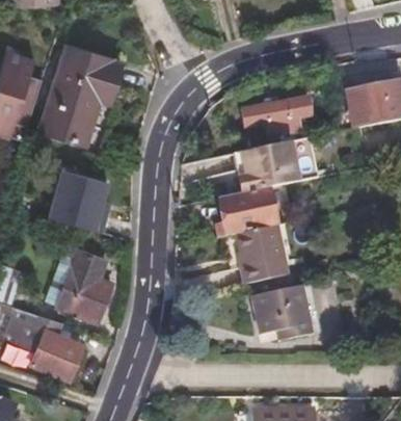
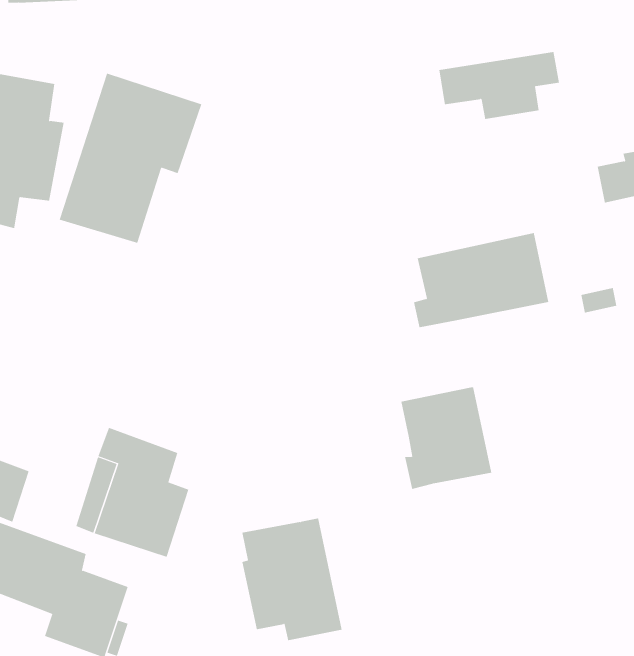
building: [241,98,310,136] -> [439,52,560,120]
building: [50,165,115,232] -> none
building: [213,188,273,238] -> none
building: [251,272,309,342] -> [242,518,343,641]

